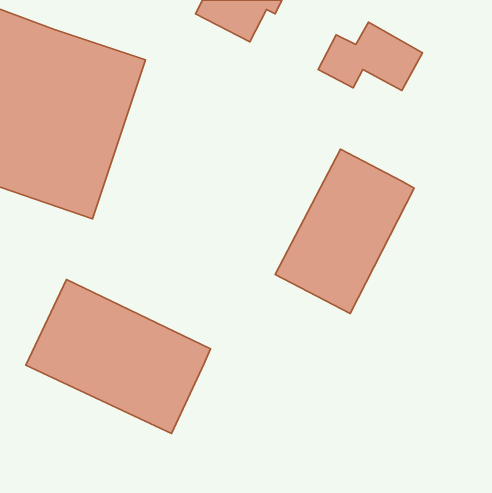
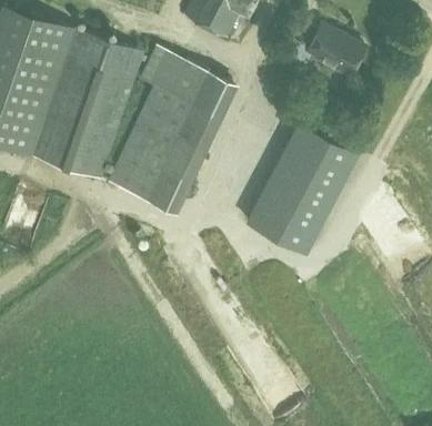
building: none -> [108,45,238,215]
building: [26,280,211,434] -> none

